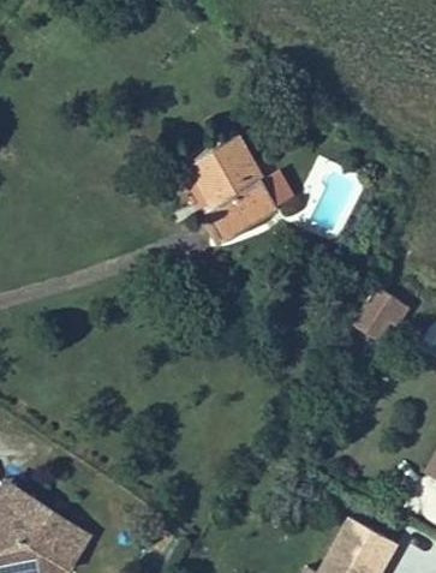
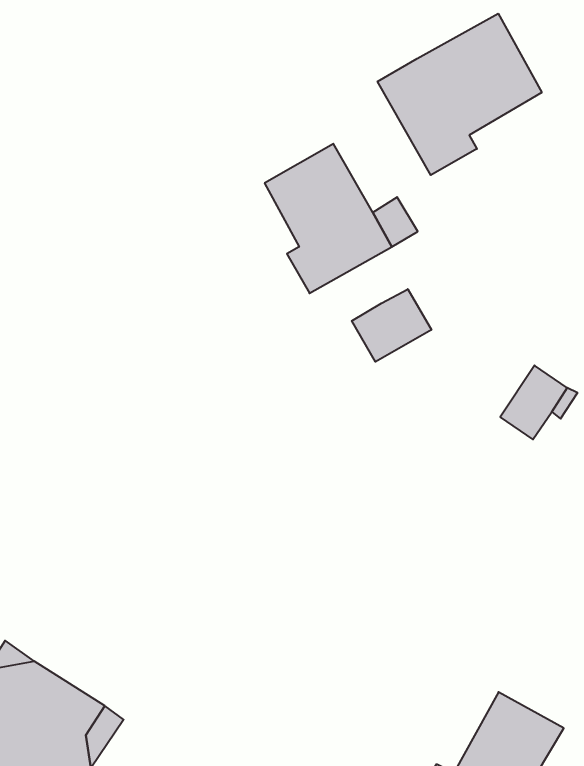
building: none -> [378,14,542,175]
building: none -> [352,289,431,362]

